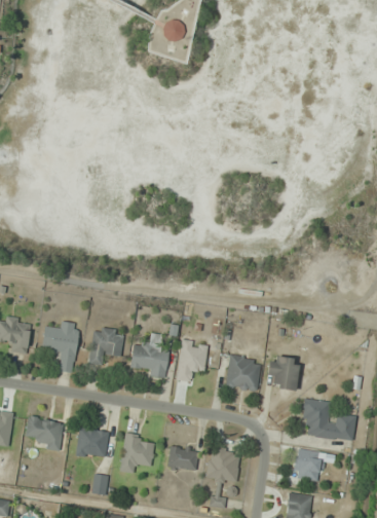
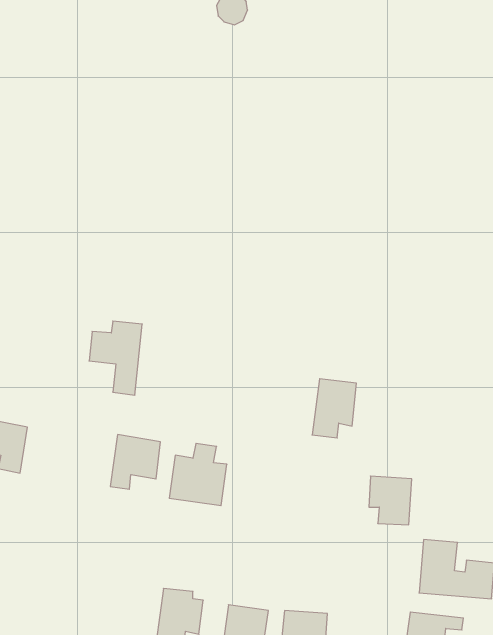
building: [42,322,79,373] -> [89,321,142,395]
building: [177,340,208,381] -> [312,379,356,438]
building: [226,356,261,392] -> none
building: [26,417,63,450] -> none
building: [75,428,108,459] -> none

